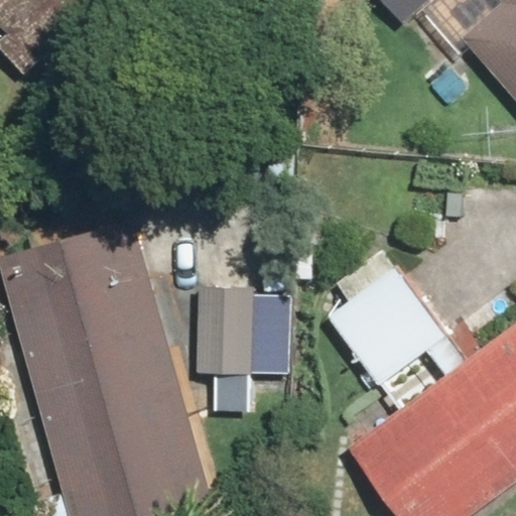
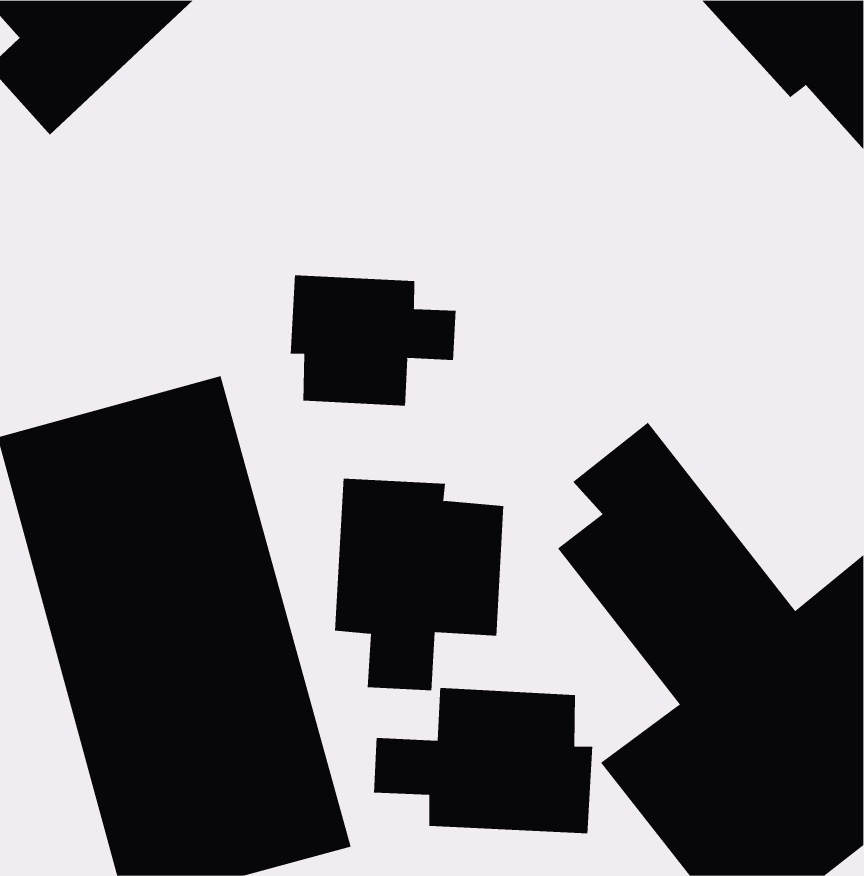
building: none -> [290,274,456,407]
building: none -> [373,687,593,834]

